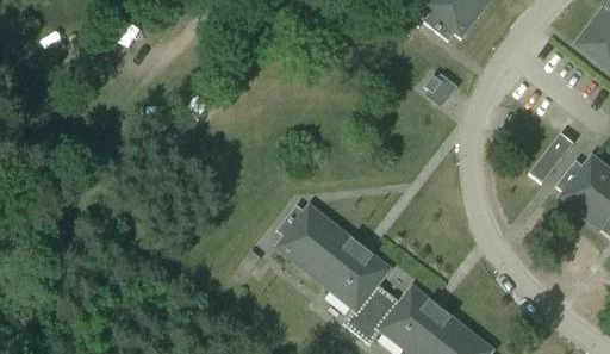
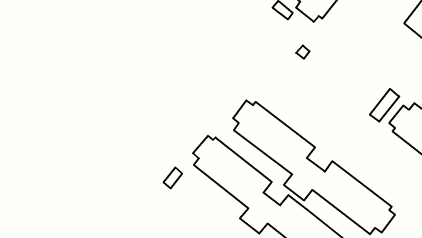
building: none -> [233,100,395,234]

